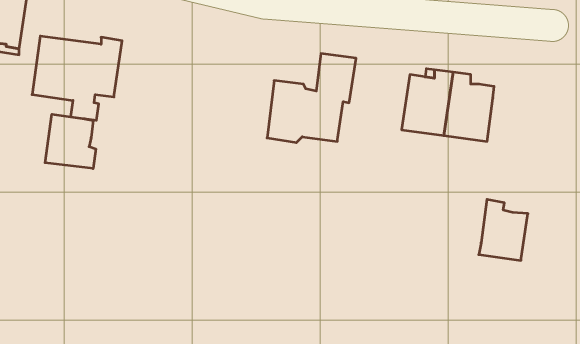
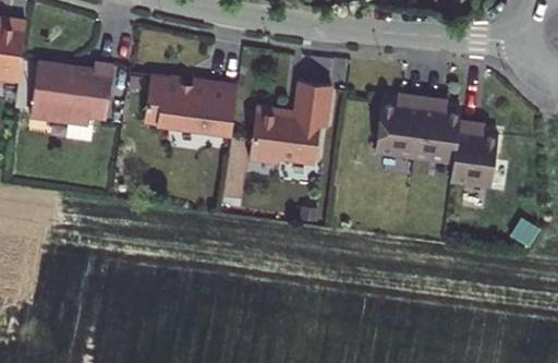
building: none -> [143,73,238,135]
building: [45,114,96,169] -> none
building: [479,199,528,260] -> [452,121,498,178]

